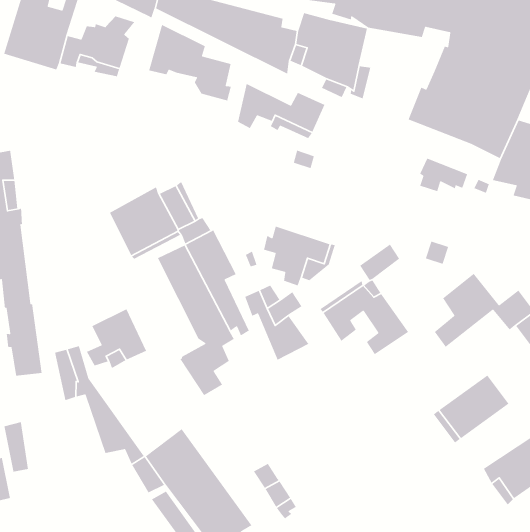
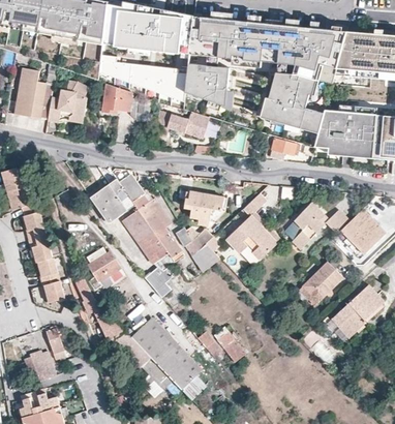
building: none -> [213,328,245,362]

